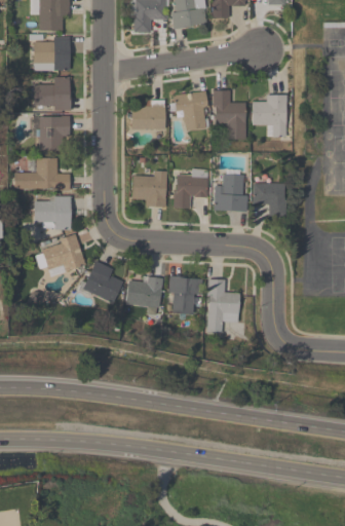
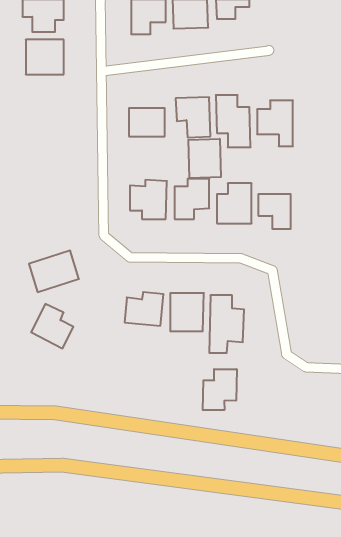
building: [34,78,71,110] -> none
building: [33,116,70,151] -> none
building: none -> [188,139,221,178]
building: [15,157,70,191] -> none
building: [34,198,71,229] -> none
building: [83,262,123,304] -> [31,304,73,348]
building: none -> [203,369,237,410]

